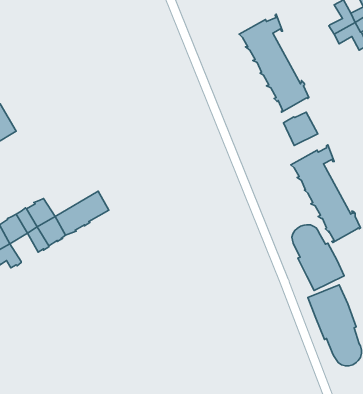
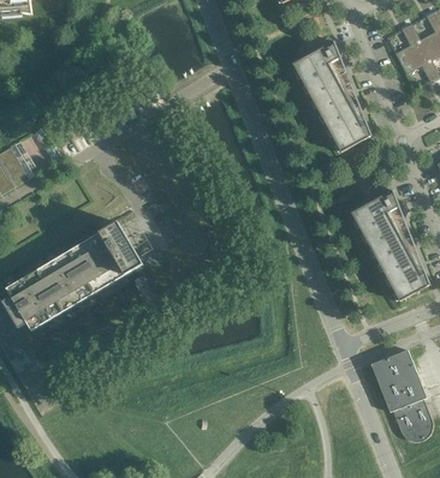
building: [283,112,318,146] -> none
building: none -> [69,221,131,270]
building: [292,225,344,291] -> none
building: none -> [30,289,63,322]

